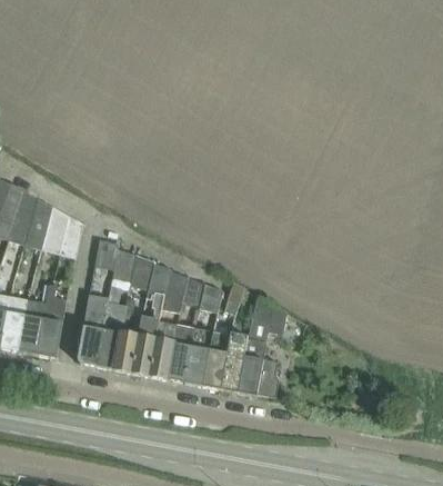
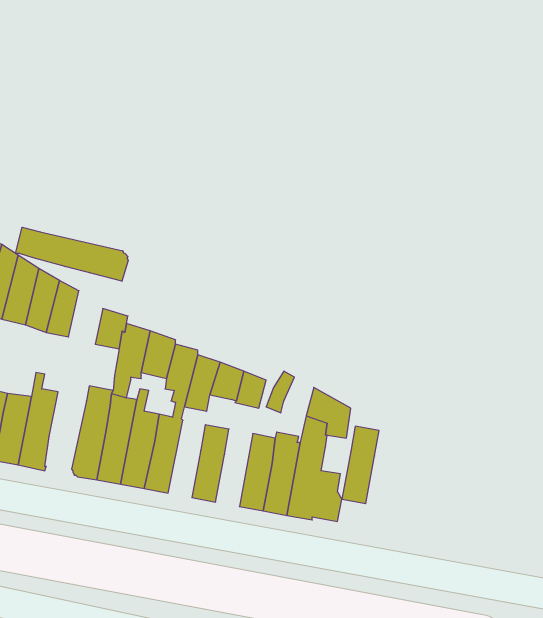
building: none -> [15,227,128,281]
building: [149,321,177,379] -> none
building: [184,328,212,386] -> [342,426,379,504]

